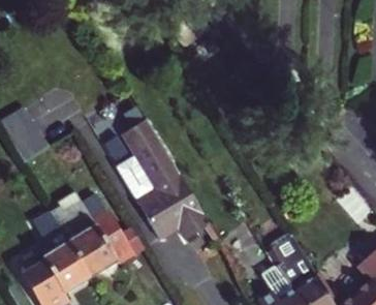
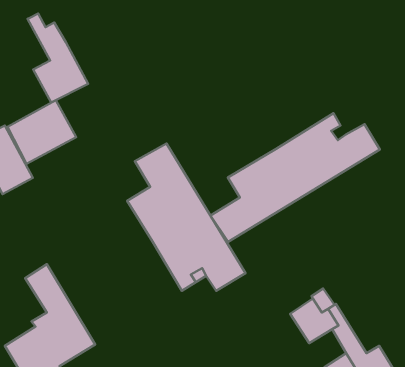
building: none -> [28,13,88,103]
building: none -> [210,113,380,242]
building: [54,190,132,282] -> none

